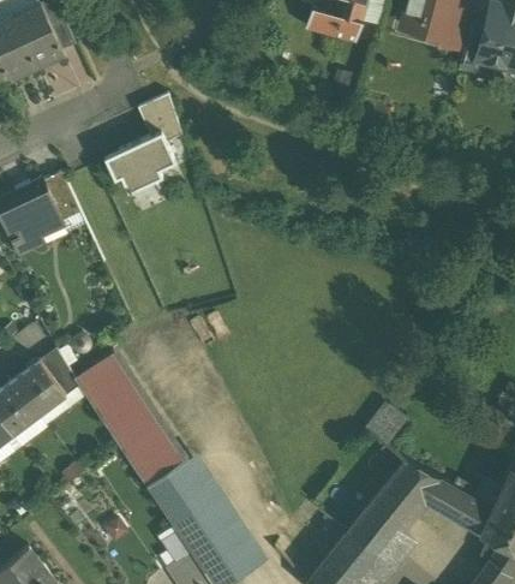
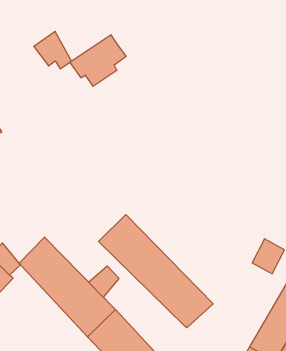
building: [103,132,175,193] -> [70,35,126,86]
building: none -> [98,215,213,328]
building: none -> [89,266,119,297]

